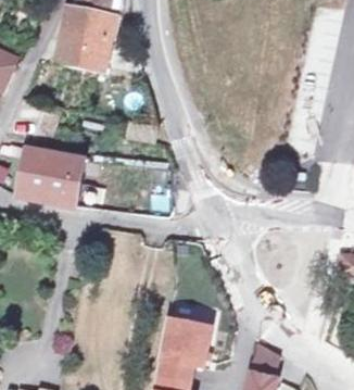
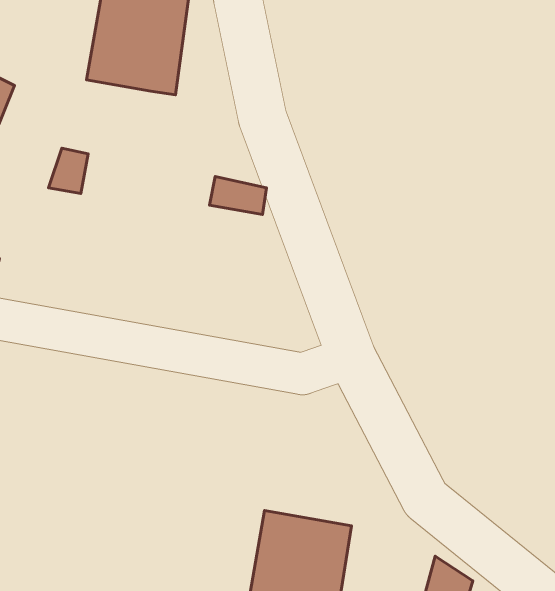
building: [25,151,79,205] -> none

